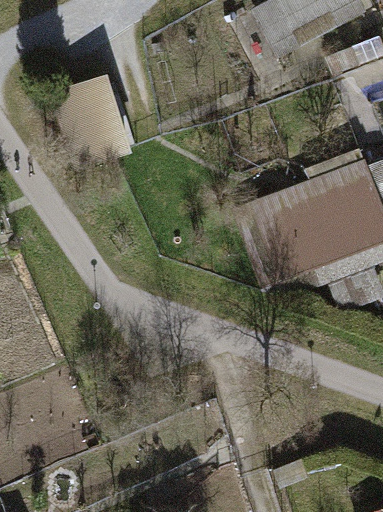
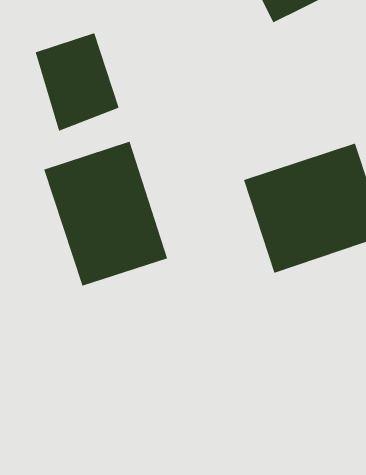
building: none -> [44,141,168,287]

